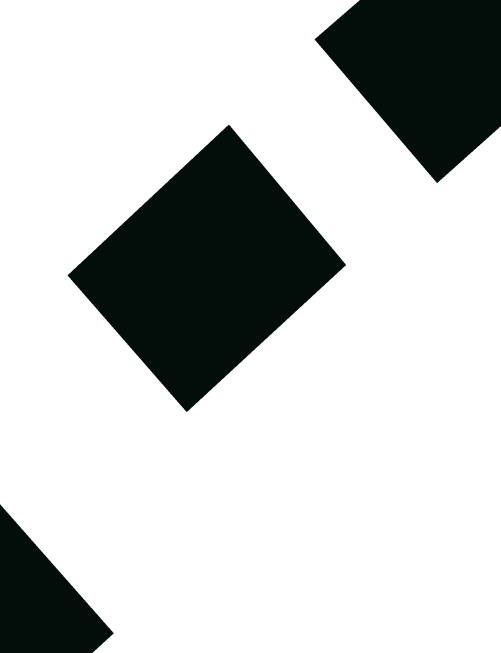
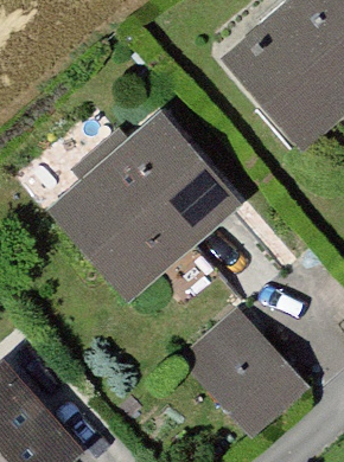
building: none -> [185,312,306,438]

